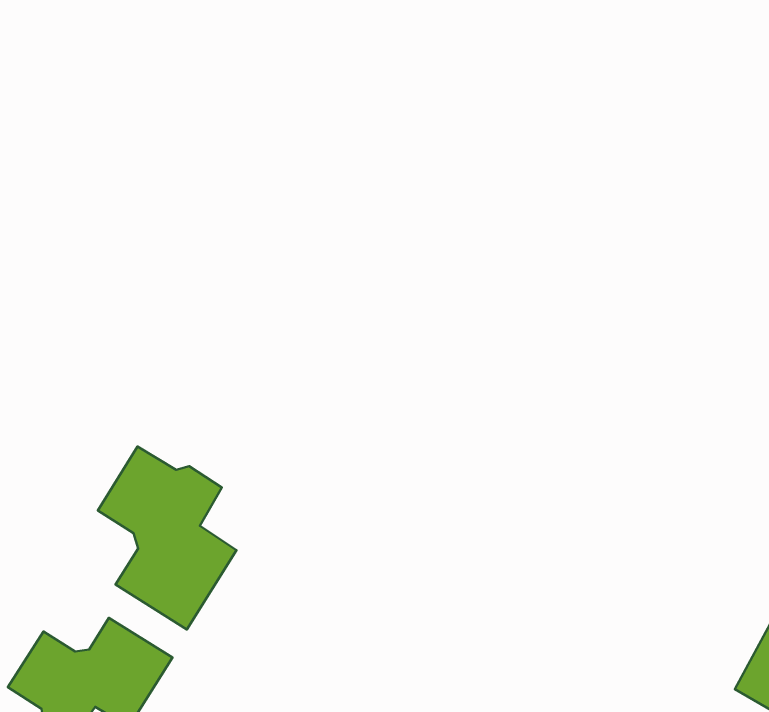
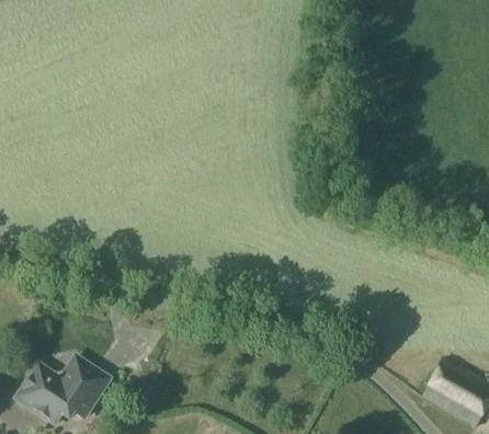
building: [98,446,237,630] -> none

